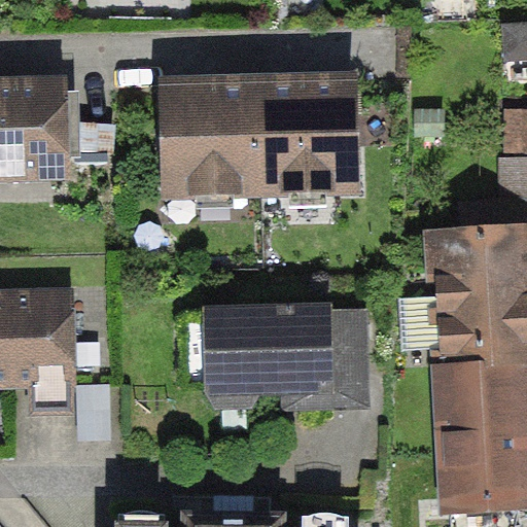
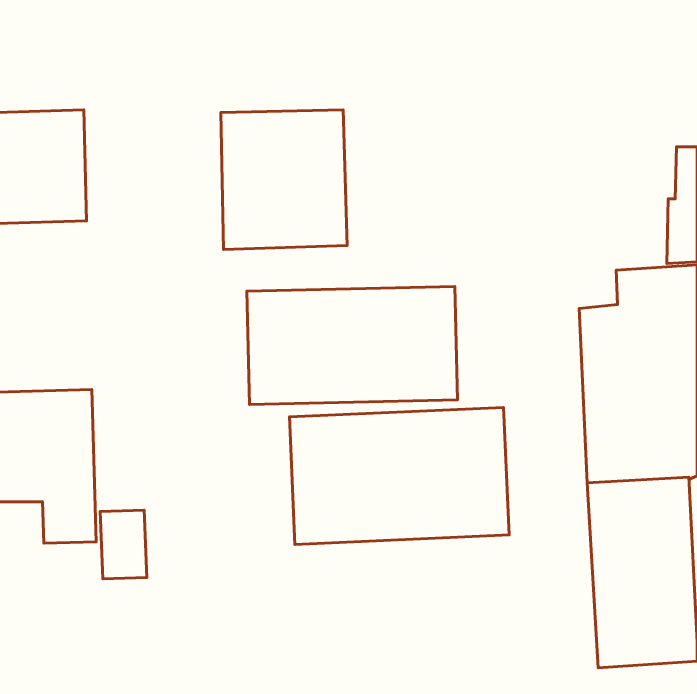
building: [257,79,353,184] -> none
building: none -> [247,286,457,405]

